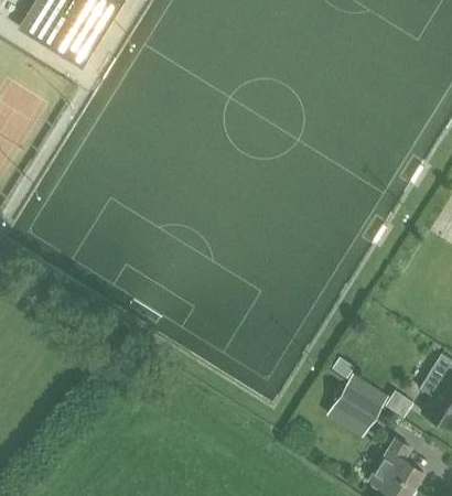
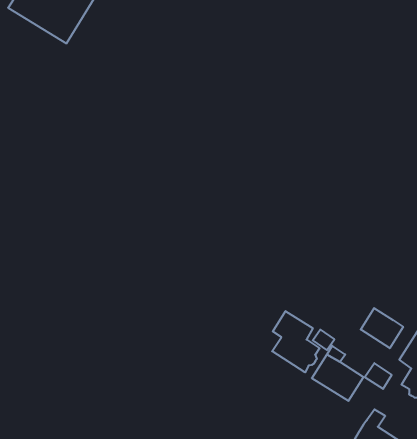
building: none -> [361,308,403,348]
building: none -> [272,311,320,372]

